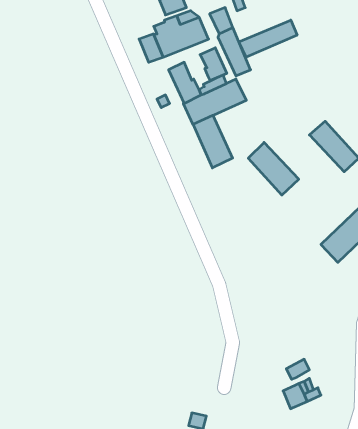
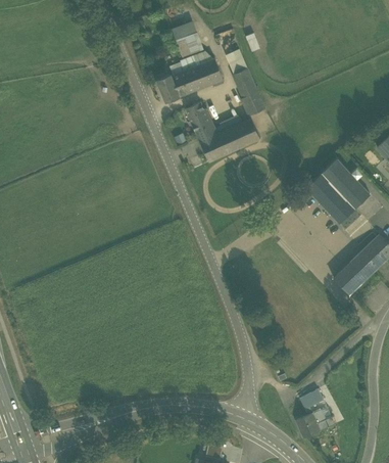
building: [239,20,297,57] -> none
building: [200,48,227,80] -> none
building: [193,115,233,168] -> none
building: [248,142,299,195] -> [306,173,355,224]

